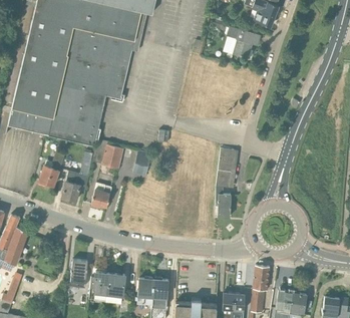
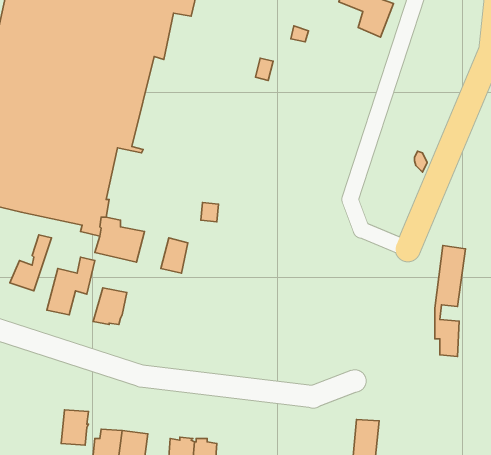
building: [227,27,261,58] -> none
building: [216,148,235,218] -> [435,246,465,356]

